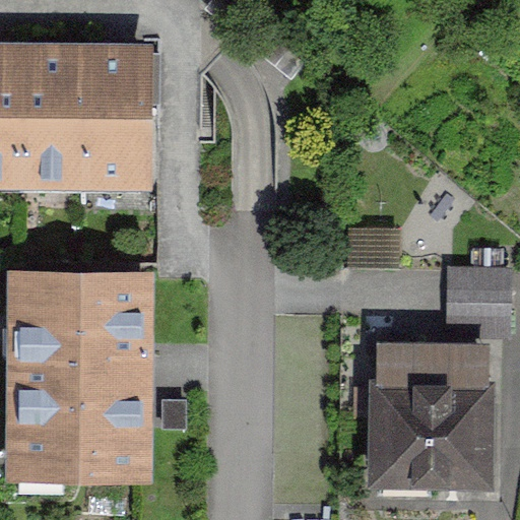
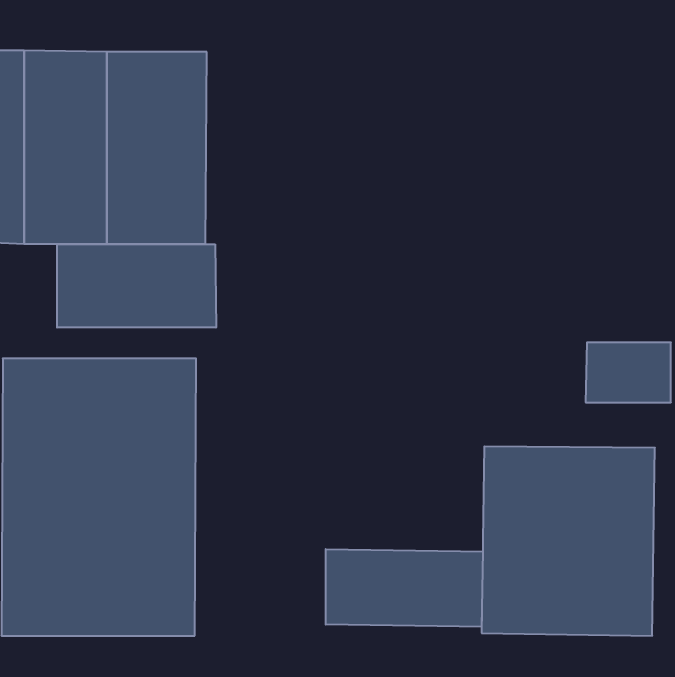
building: none -> [57,244,216,328]
building: none -> [326,549,483,627]

